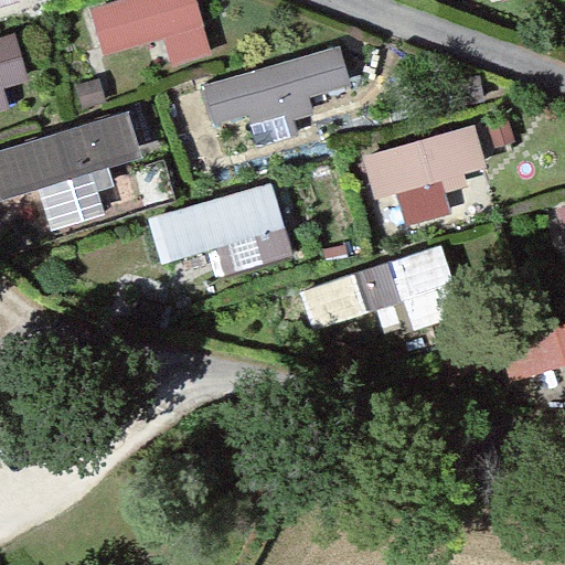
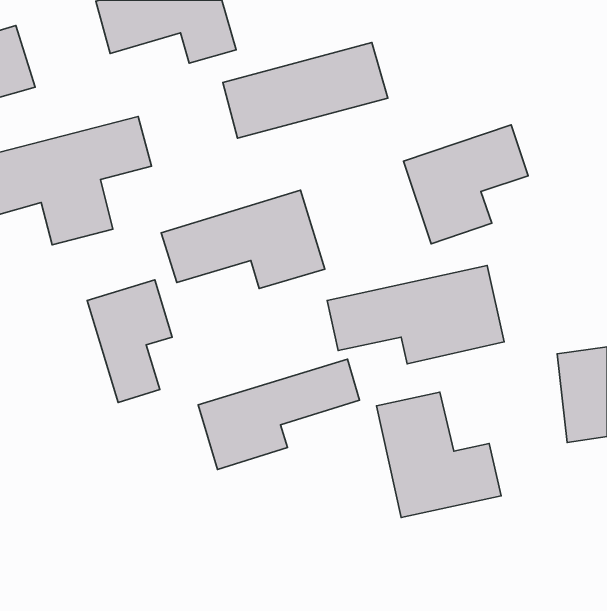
building: none -> [87,280,172,402]
building: none -> [198,359,359,469]
building: none -> [377,392,501,518]

